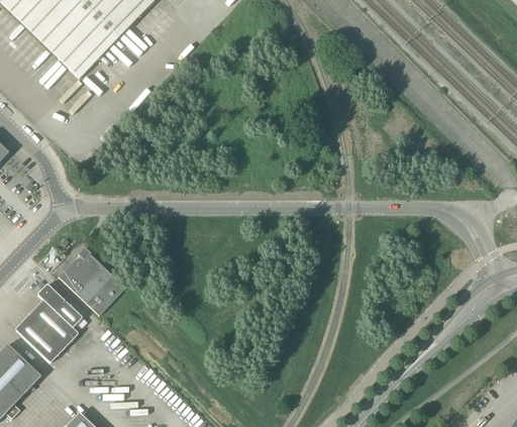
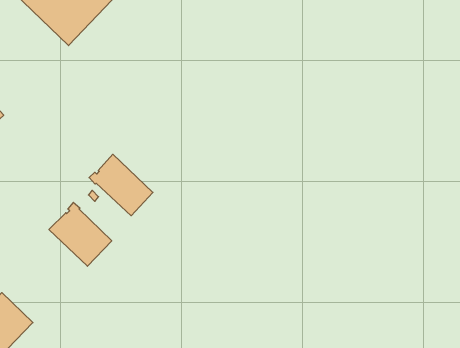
building: none -> [89,154,153,216]
building: [15,285,87,361] -> none

